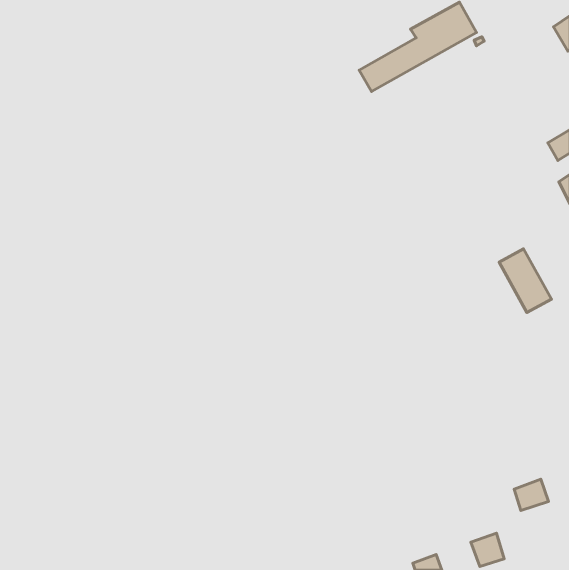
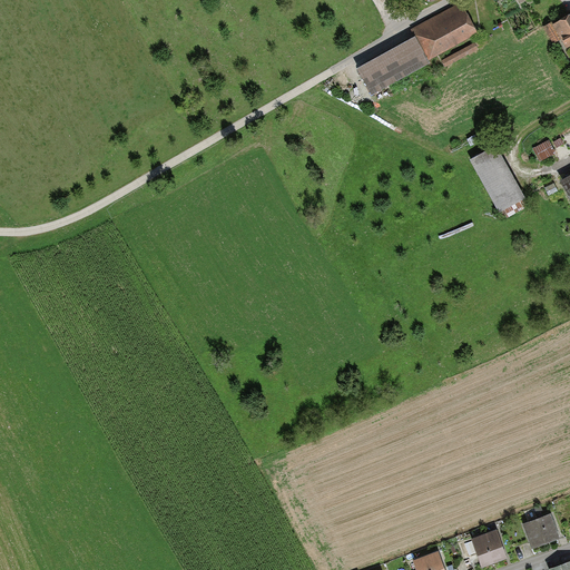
building: [499,249,551,313] -> [472,148,524,212]
building: [514,479,549,510] -> [523,514,558,546]

